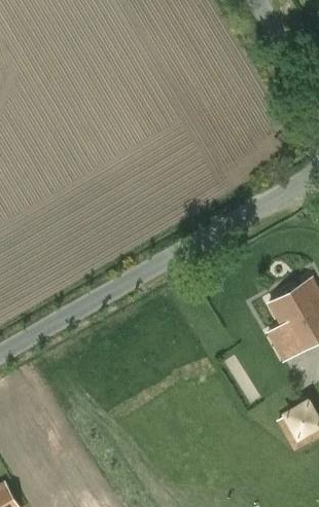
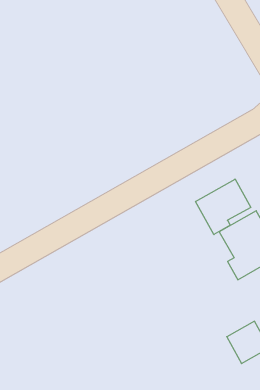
building: none -> [196,179,251,235]

